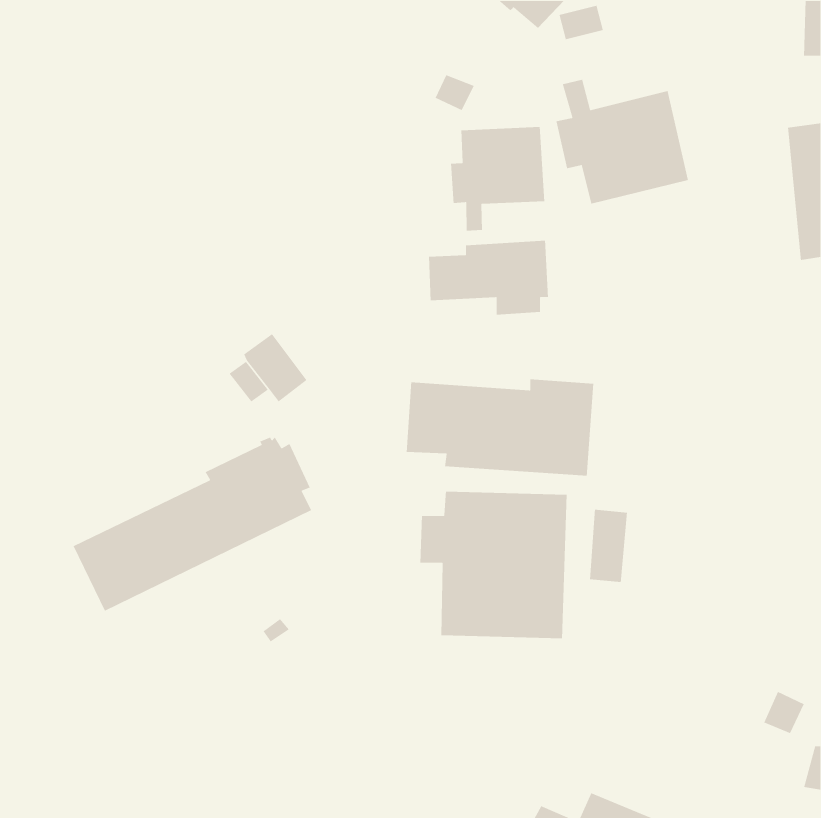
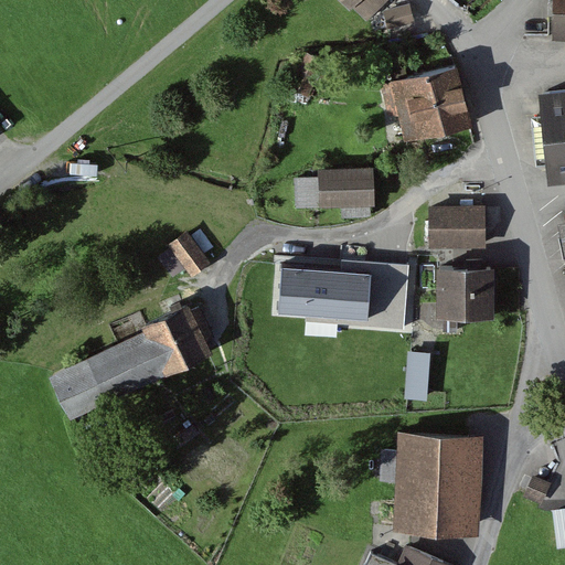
building: [450,126,545,232] -> none
building: none -> [428,206,486,250]
building: none -> [436,267,494,317]
building: [419,491,568,639] -> [381,434,482,535]

